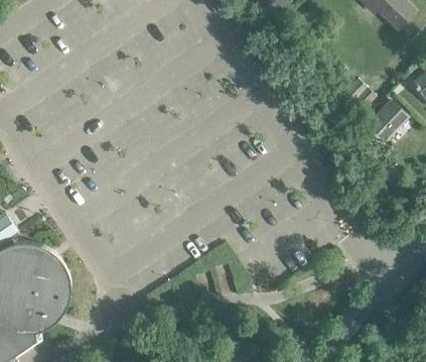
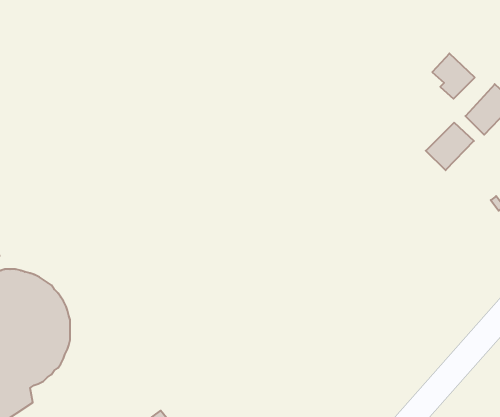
building: none -> [426,123,474,170]

